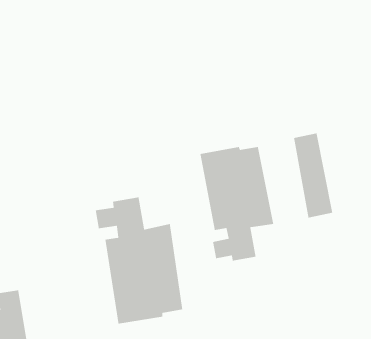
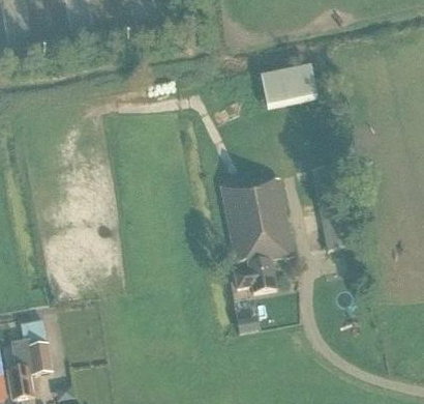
building: none -> [261,62,319,109]
building: [95,197,183,324] -> none

